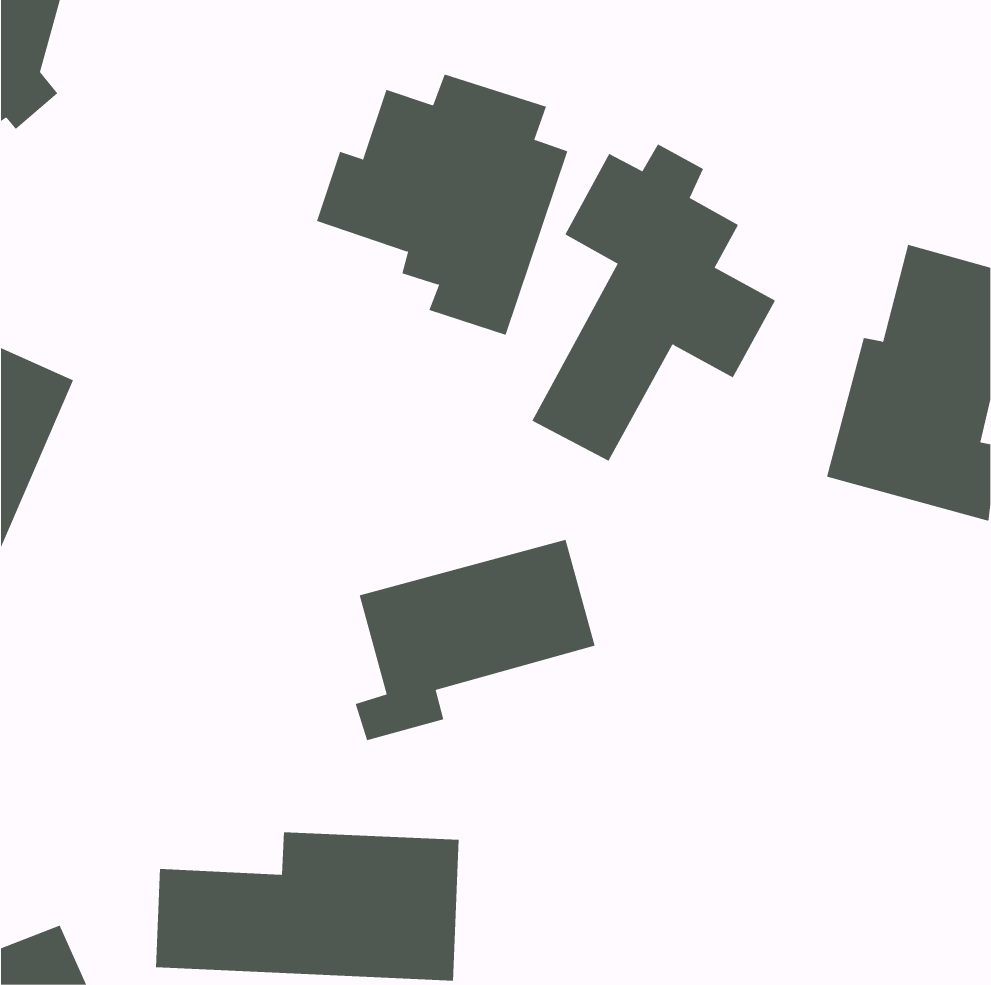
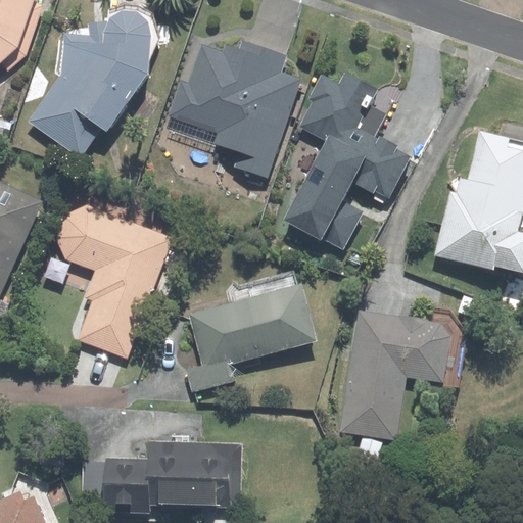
building: none -> [30,10,150,159]
building: none -> [59,200,175,356]
building: none -> [343,312,469,438]

